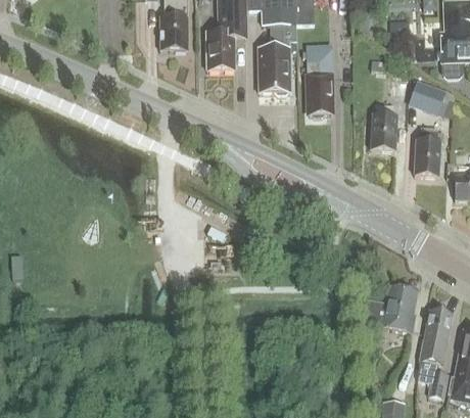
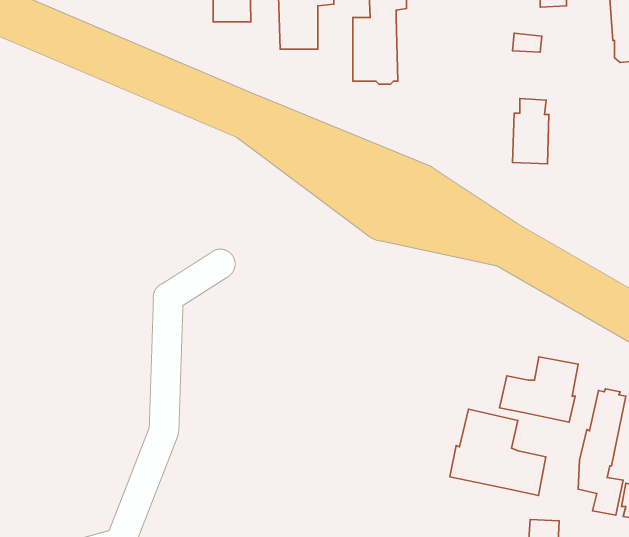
building: [307,43,332,112] -> none
building: [409,80,444,113] -> none
building: [414,129,440,175] -> none
building: none -> [450,409,546,495]

